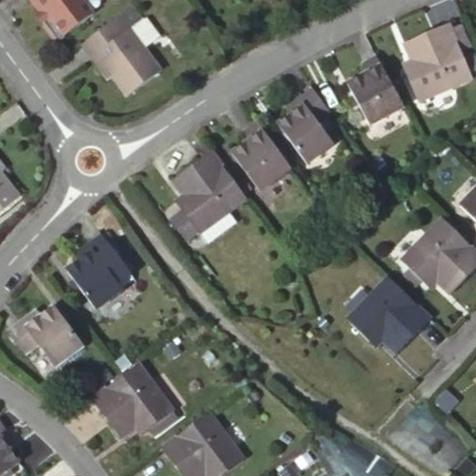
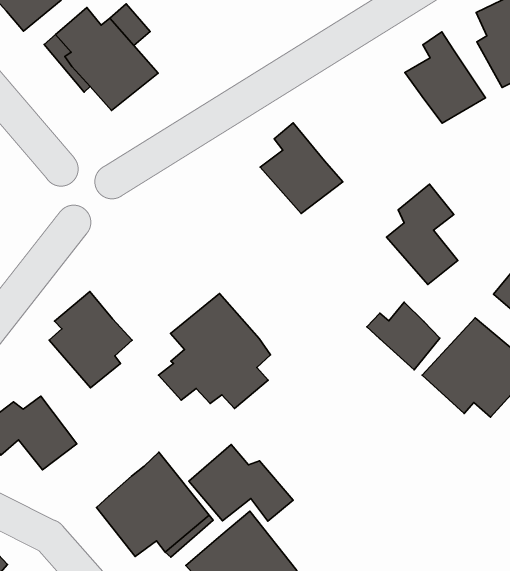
building: [279,87,332,163] -> [387,184,458,285]
building: [163,147,249,235] -> [158,293,271,409]
building: none -> [367,302,440,370]
building: none -> [189,445,293,521]

